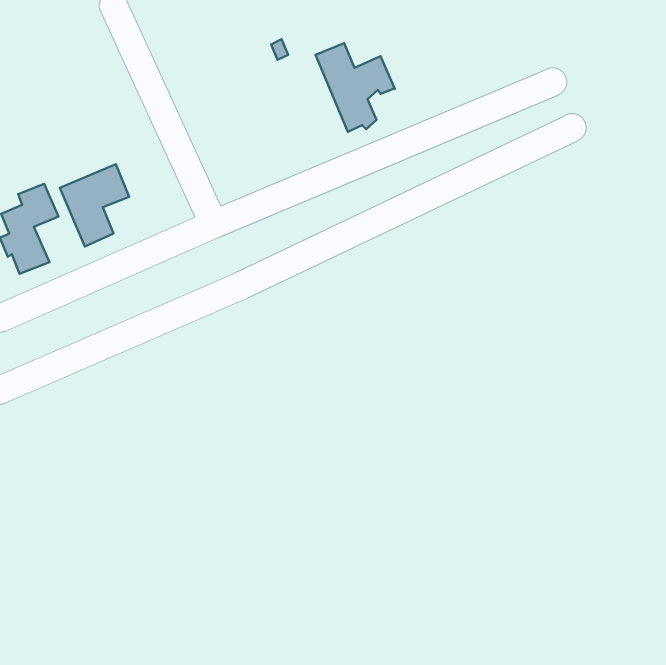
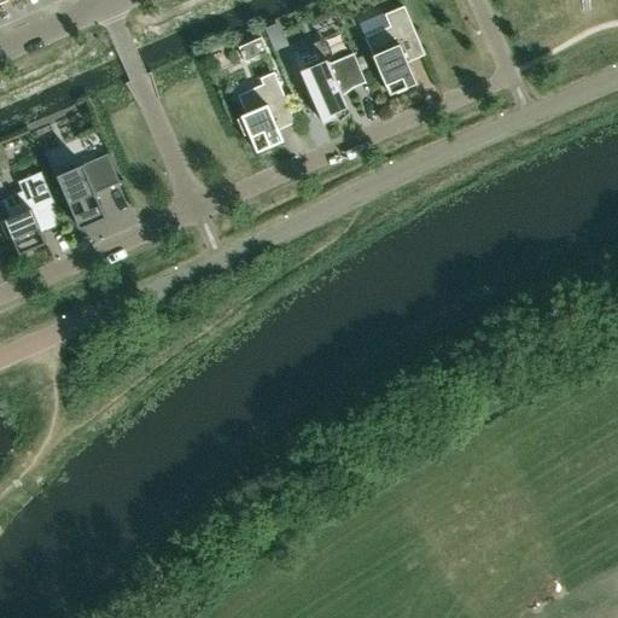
building: none -> [365,5,416,94]
building: none -> [237,71,285,151]

